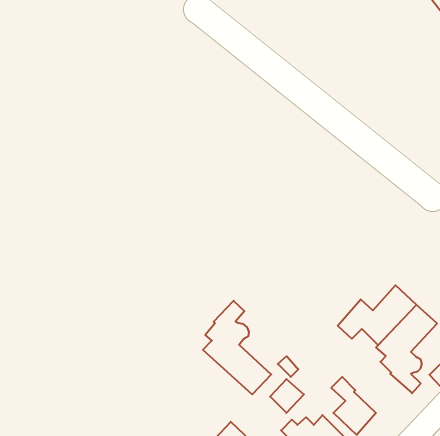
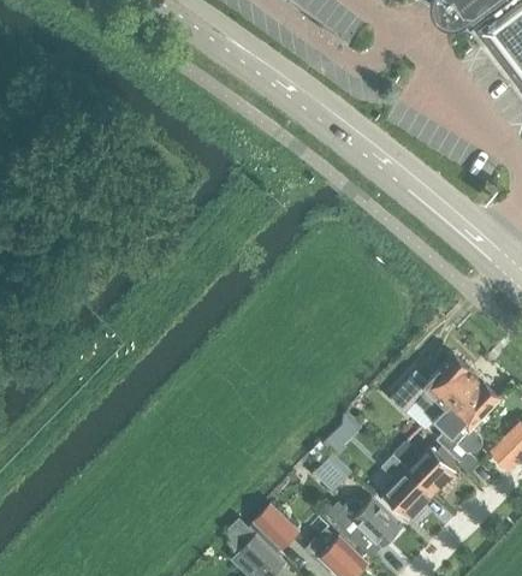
building: [203,301,271,394] -> none
building: none -> [395,441,455,494]

